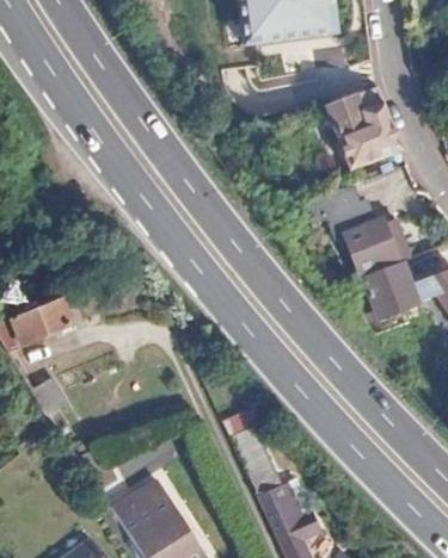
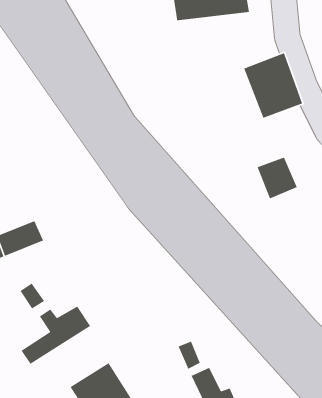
building: [362,259,419,320] -> none
building: none -> [21,305,91,365]

